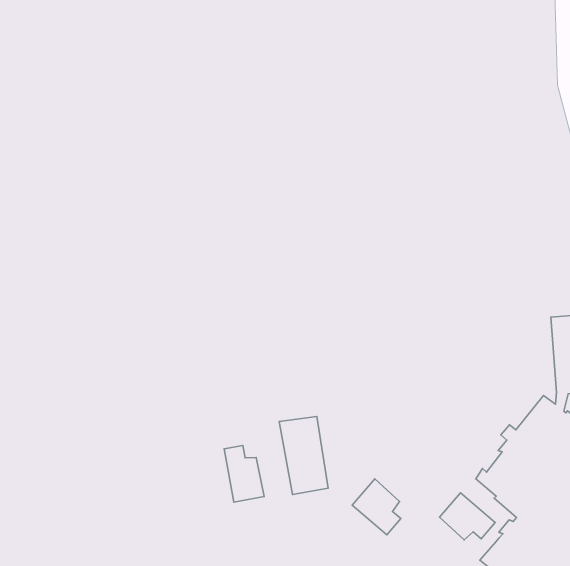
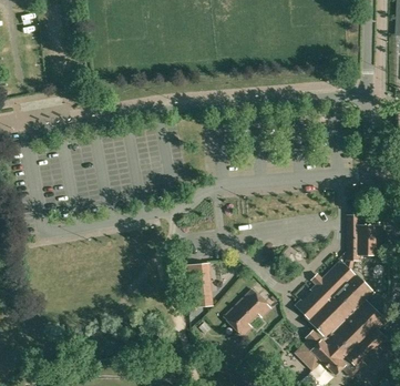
building: [224,445,264,502] -> none
building: [440,493,495,540] -> [238,287,270,315]

